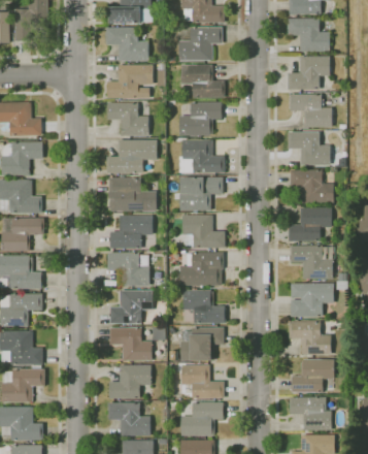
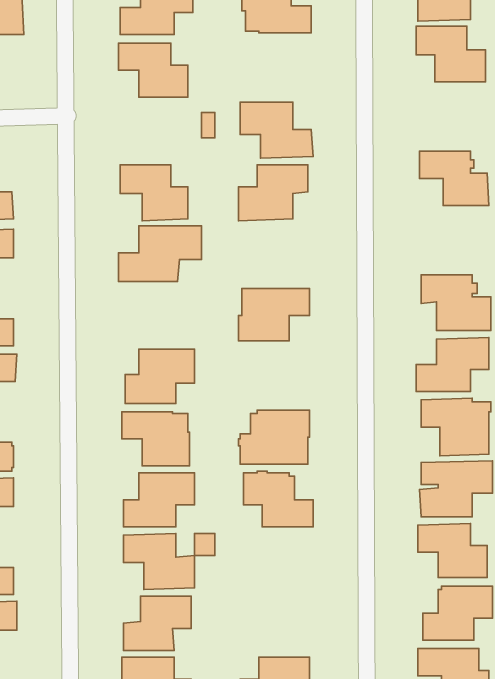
building: [178,27,222,60] -> none
building: [287,56,330,90] -> none
building: [107,65,149,98] -> none
building: [288,132,330,165] -> none
building: [178,139,224,172] -> none
building: [108,177,156,210] -> none
building: [182,215,225,248] -> none
building: [179,327,224,361] -> none
building: [179,365,224,398] -> none

